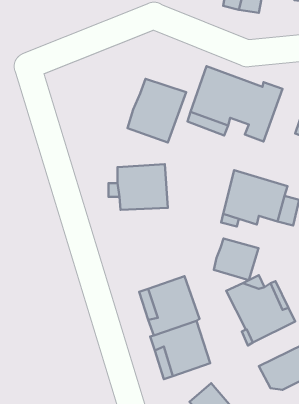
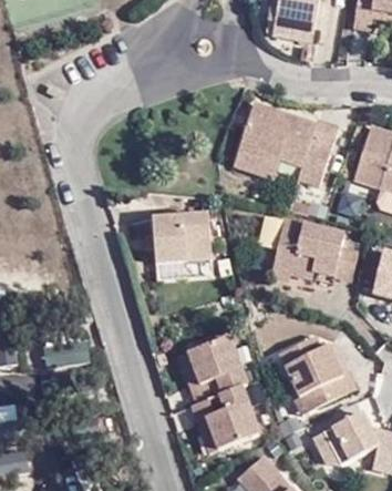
building: [128,79,186,142] -> none
building: [214,238,258,280] -> none

